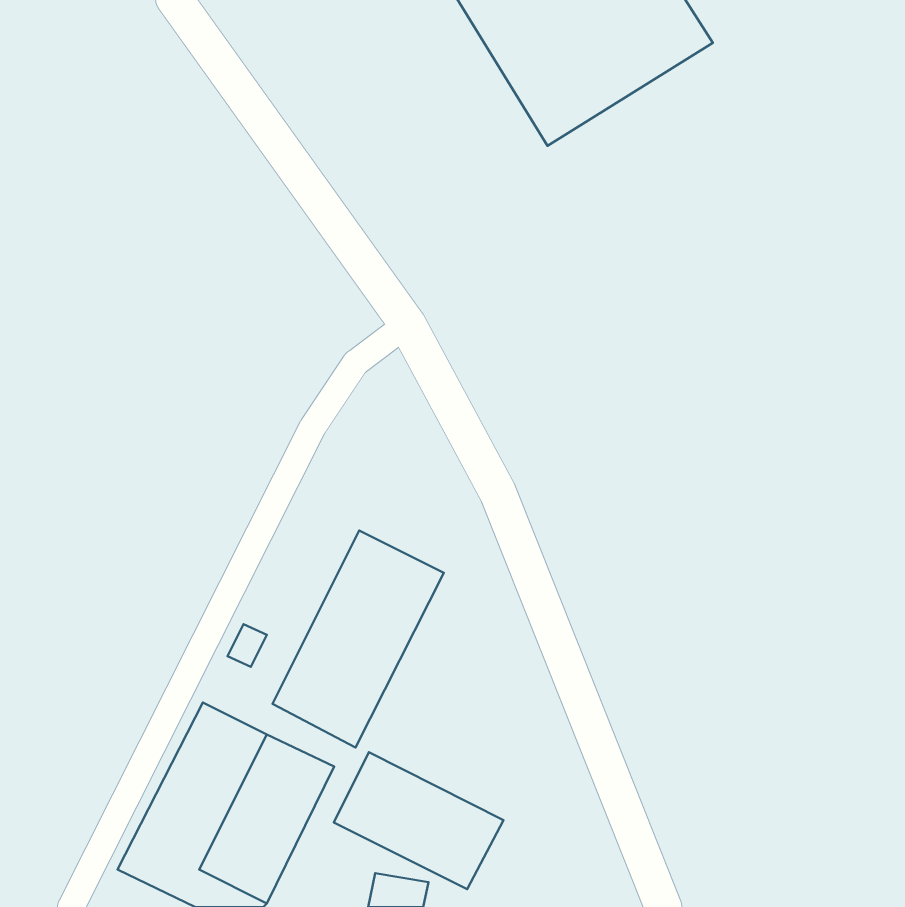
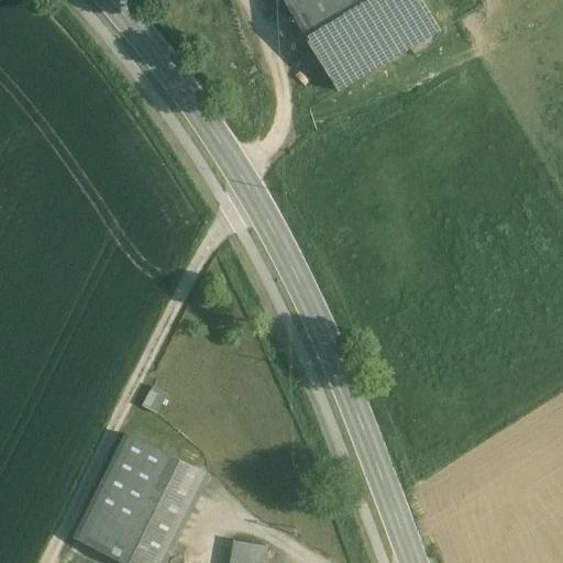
building: [273,530,444,747] -> none
building: [334,752,503,889] -> none

